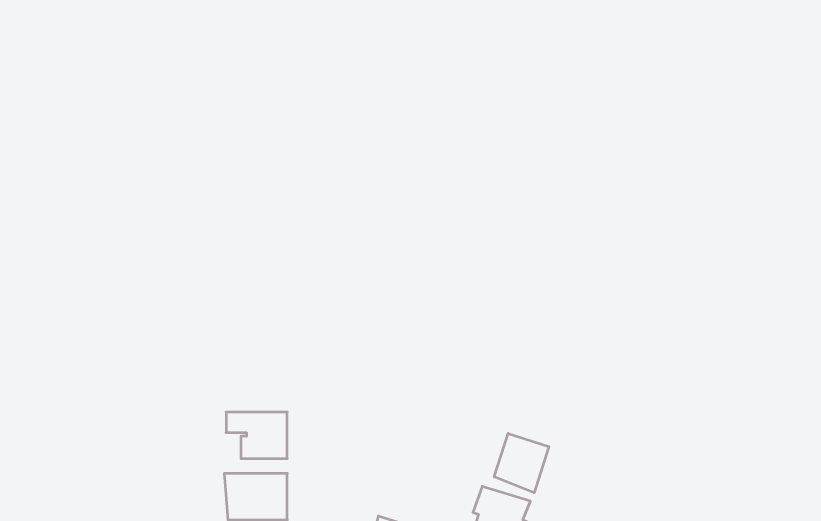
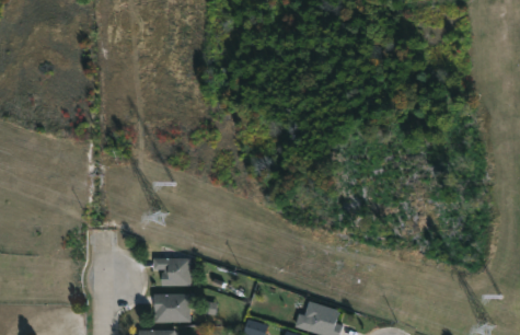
building: [494,433,549,493] -> none

